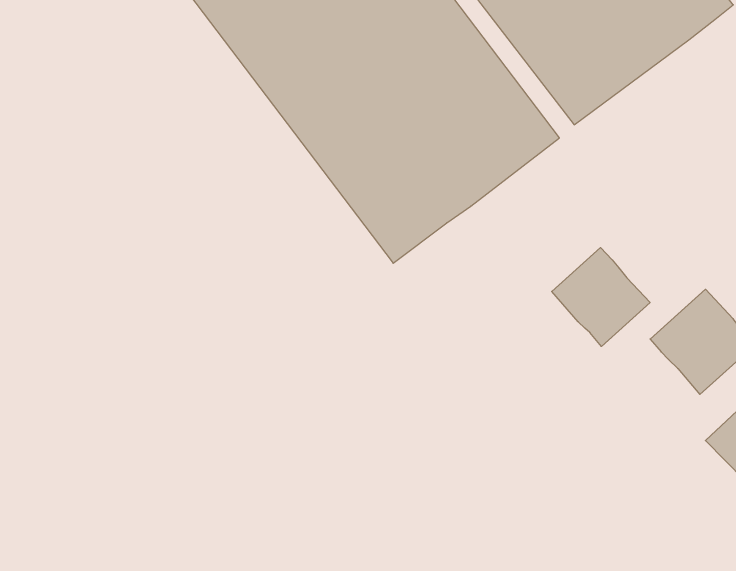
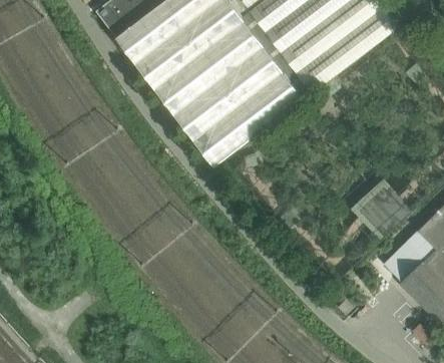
building: [552,248,650,346] -> none

